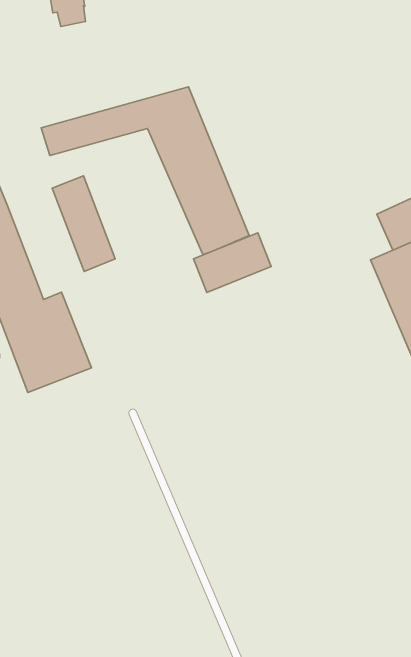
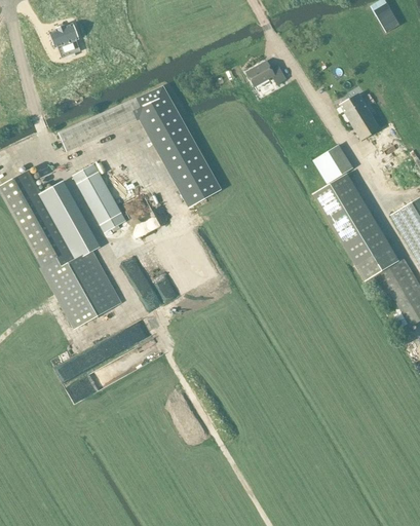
building: none -> [249,60,288,85]
building: none -> [43,182,98,257]
building: [193,233,271,293] -> none

